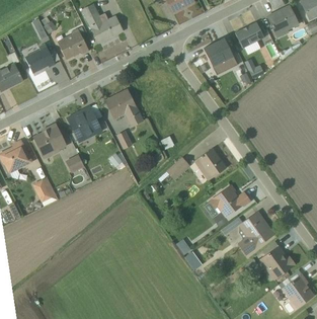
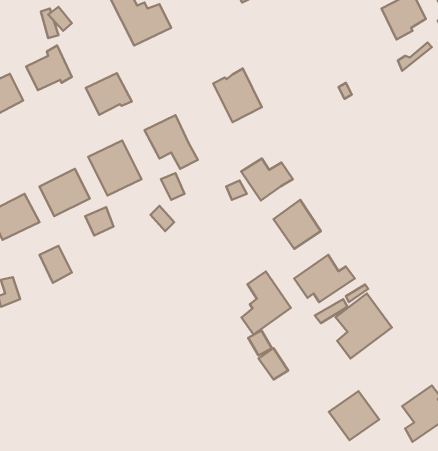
building: [235,21,264,54] -> none
building: [58,30,89,59] -> [86,73,132,115]
building: [204,37,237,74] -> [213,69,262,122]
building: none -> [241,159,293,200]
building: none -> [242,271,291,335]
building: [259,245,294,278] -> [329,391,379,440]

